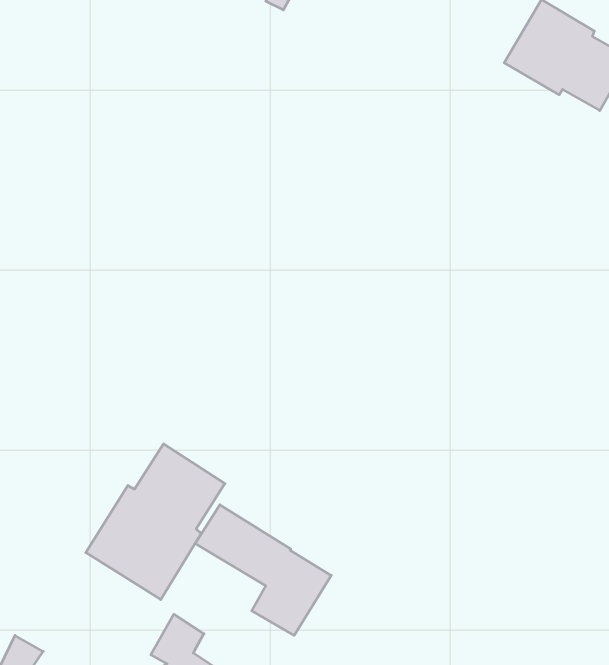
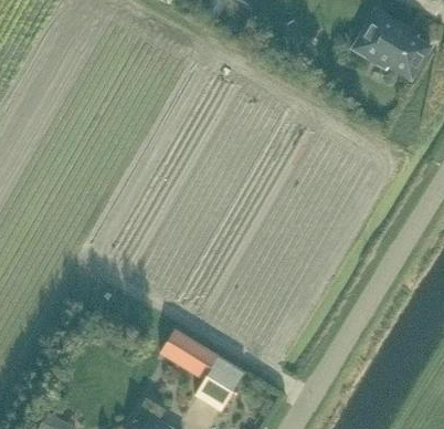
building: [86,444,225,600] -> none

